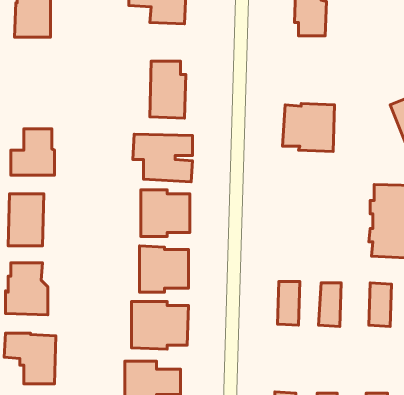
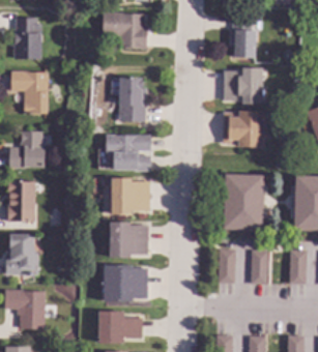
building: none -> [223,67,262,105]
building: none -> [10,71,48,114]
building: none -> [220,173,266,231]

